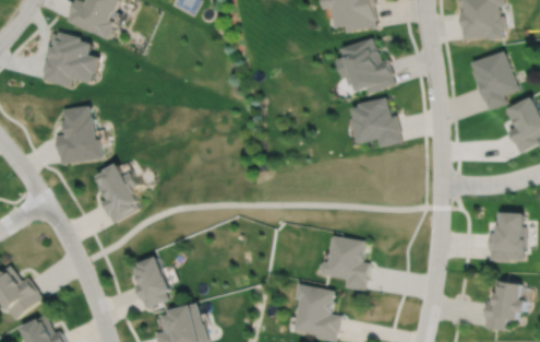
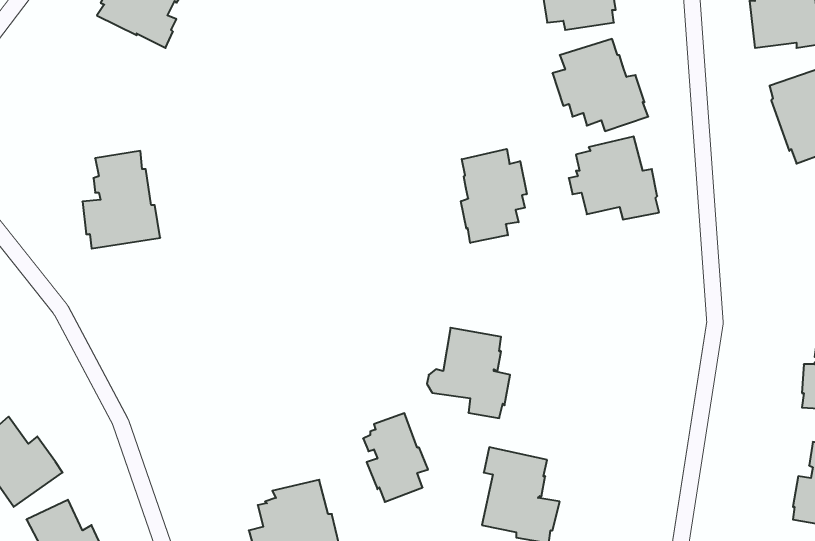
building: [39,34,96,89] -> none
building: none -> [461,149,527,243]
building: [97,161,139,222] -> none
building: [321,235,371,290] -> [427,328,510,418]
building: [132,255,171,308] -> [363,413,428,502]

